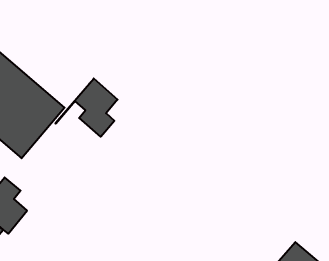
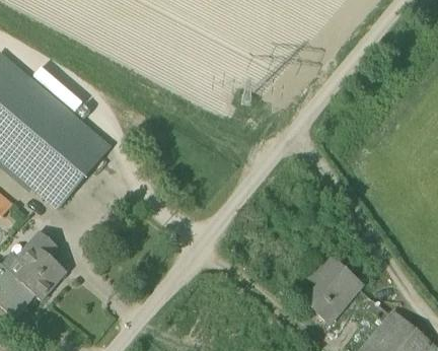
building: [56,78,118,137] -> none
building: none -> [304,256,361,323]

